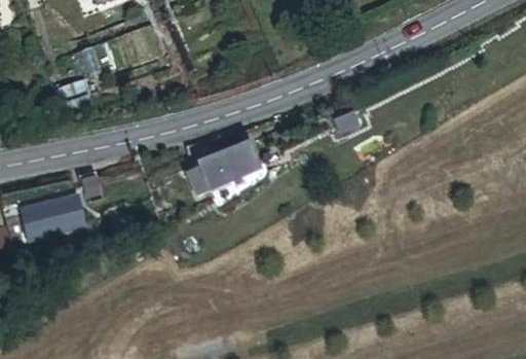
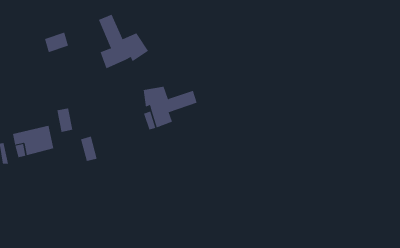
building: none -> [98,14,149,69]

